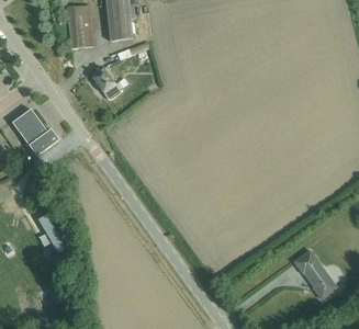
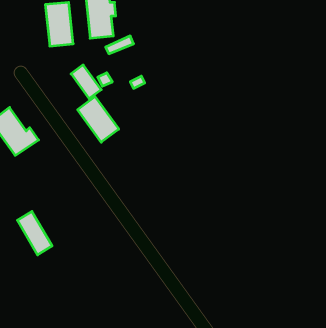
building: none -> [78,97,119,142]
building: [294,251,337,298] -> none

